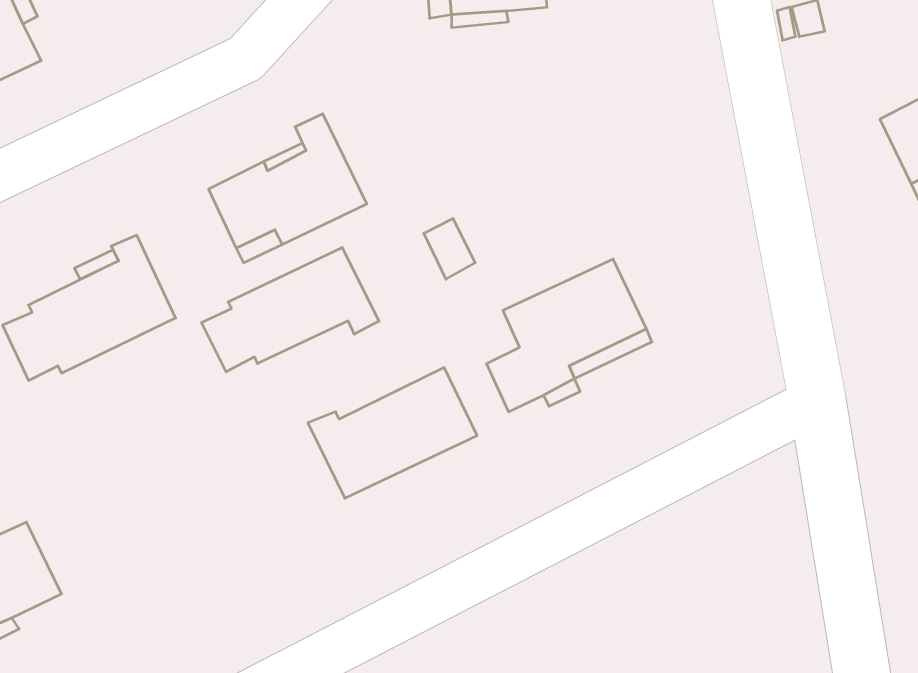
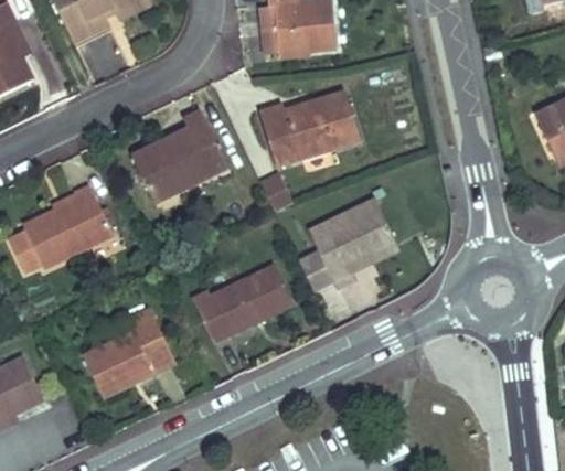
building: none -> [259,92,360,164]
building: [202,247,379,372] -> none
building: none -> [83,308,175,397]

